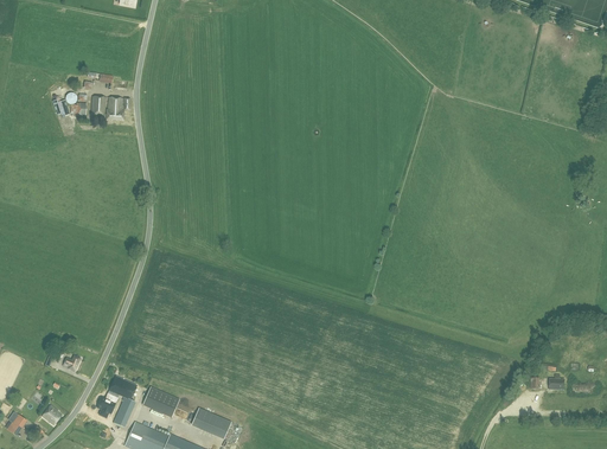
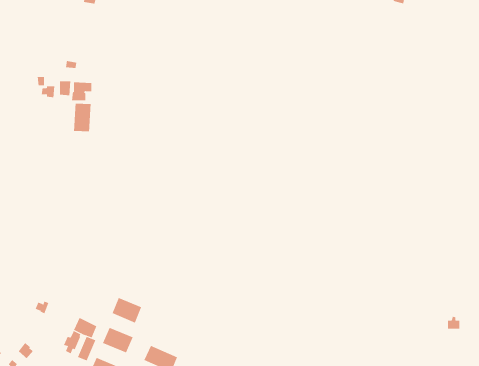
building: none -> [74,103,91,132]
building: none -> [112,297,142,323]

